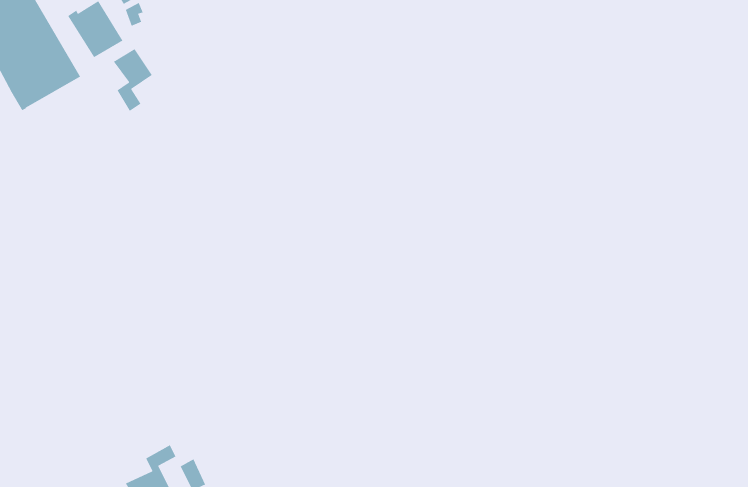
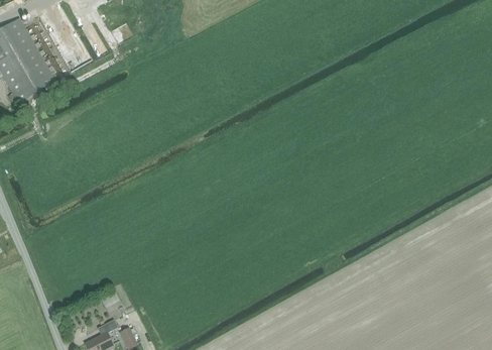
building: [113,48,153,112] -> none

